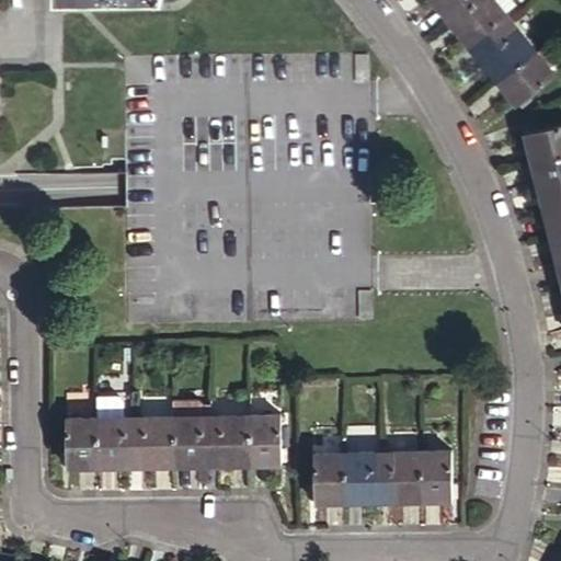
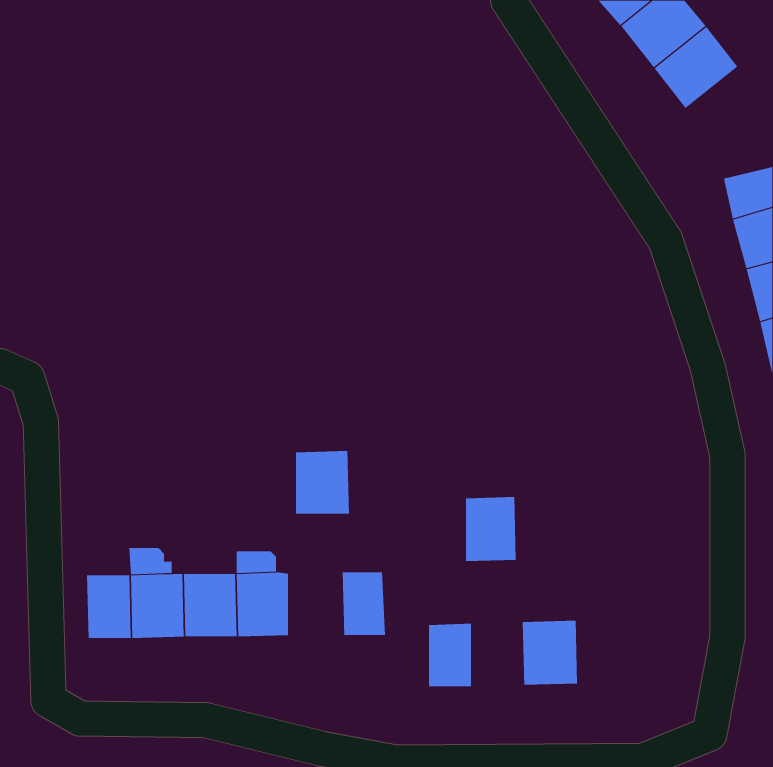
building: [496,53,554,107] -> none
building: [209,419,249,465] -> [295,451,350,514]
building: [417,454,448,500] -> none
building: [342,455,379,502] -> [465,497,517,562]

